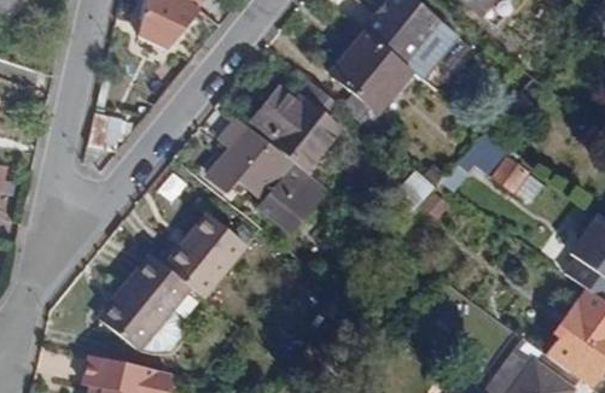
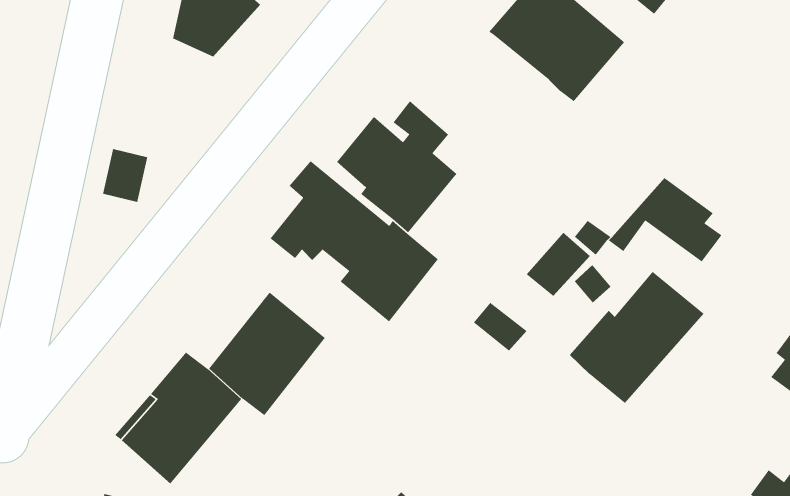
building: [328,31,413,135] -> none
building: none -> [569,271,705,404]

